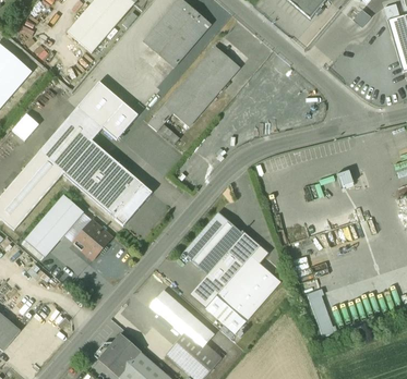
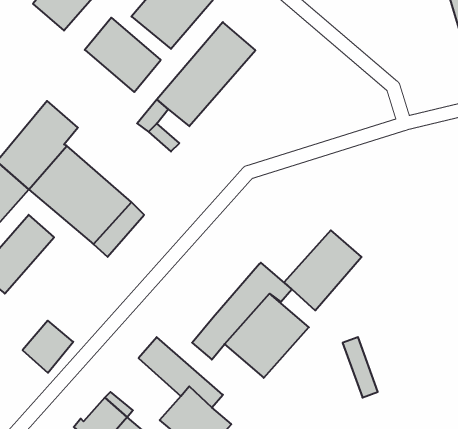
building: [77,81,136,138] -> [85,18,161,92]
building: [182,211,242,273] -> [284,230,362,310]
building: [72,219,111,259] -> [23,321,73,373]
building: [205,294,246,332] -> none

